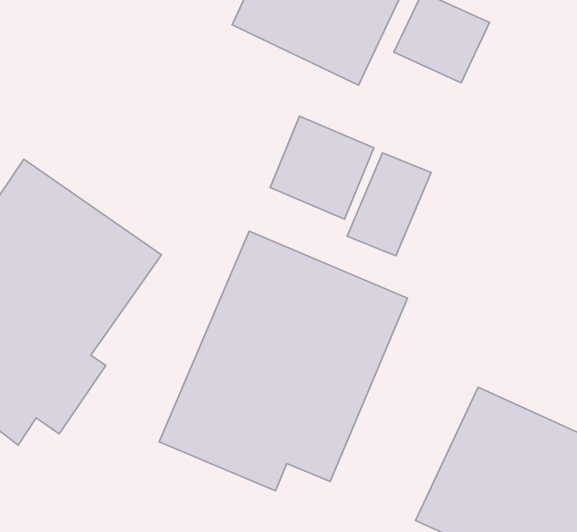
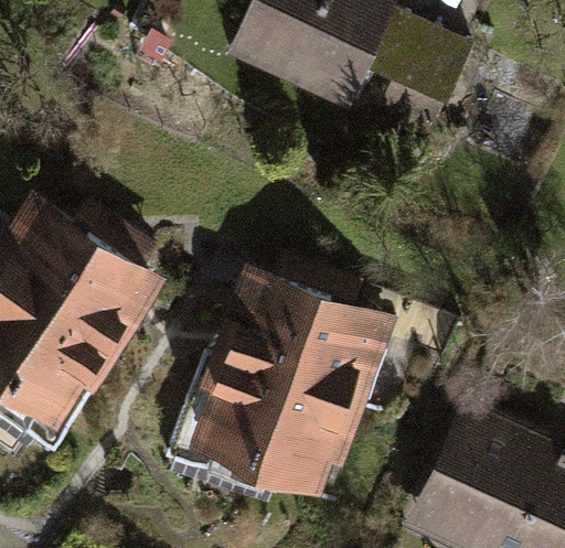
building: [270,116,374,219] -> none
building: [347,153,431,256] -> none

